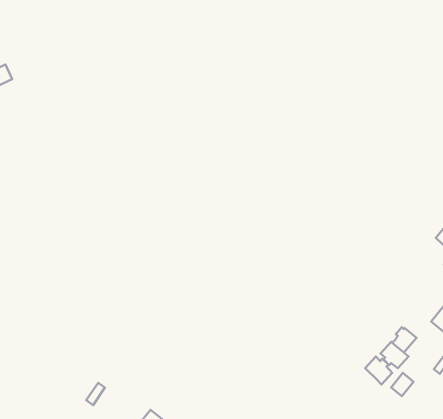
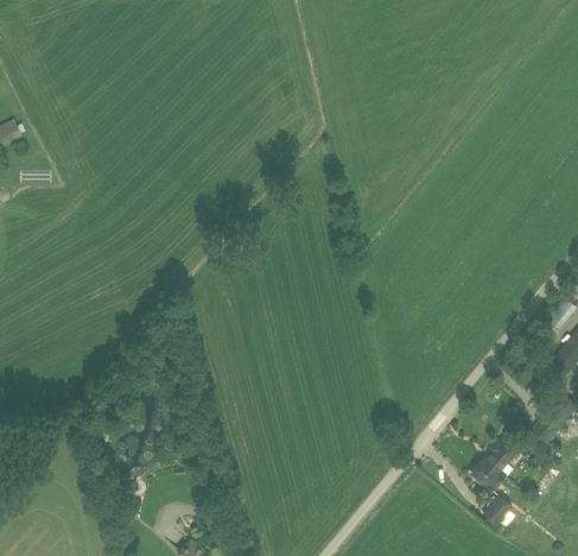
building: [365,357,392,384] -> none

